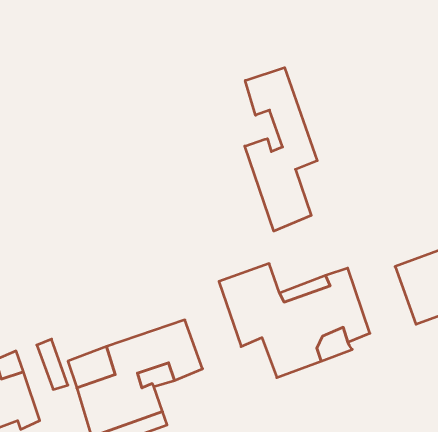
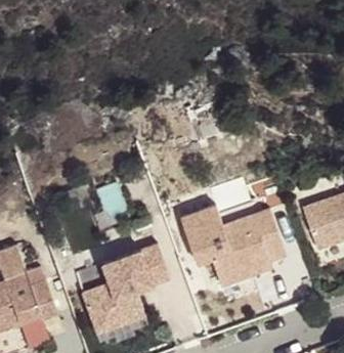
building: [245,68,317,231] -> none

